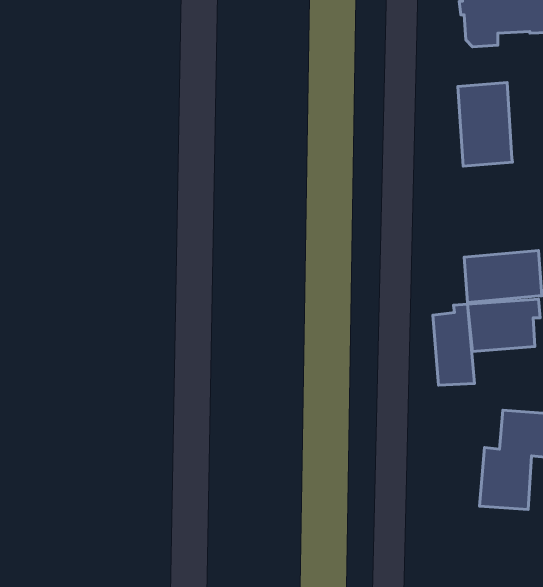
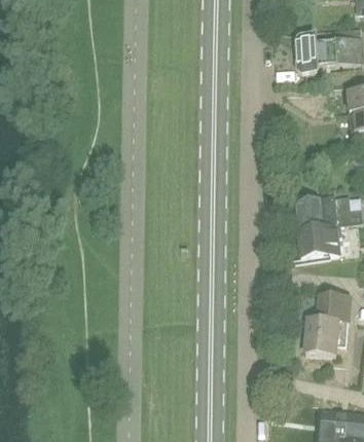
building: [458,82,512,166] -> none
building: [433,304,475,385] -> none

